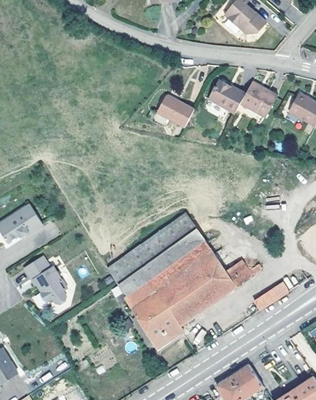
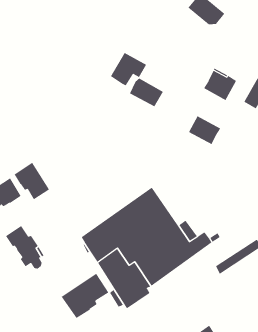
building: none -> [110,52,147,86]
building: [210,83,246,115] -> [188,116,221,145]
building: none -> [14,162,50,200]
building: none -> [61,273,109,319]

